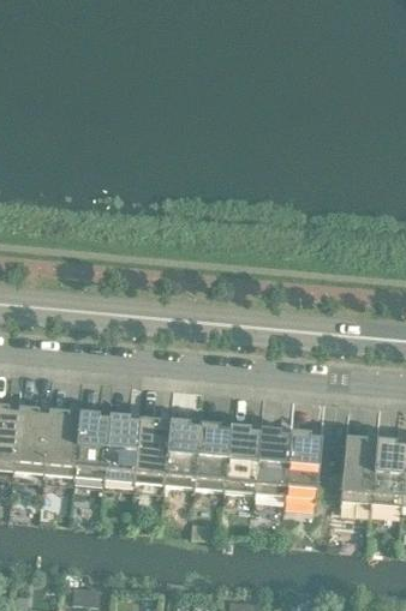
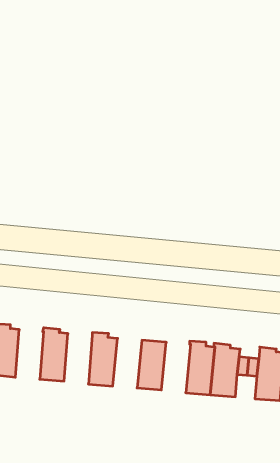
building: [43,408,78,474] -> none
building: [103,413,138,480] -> none
building: [163,419,199,485] -> none
building: [223,424,259,491] -> none

